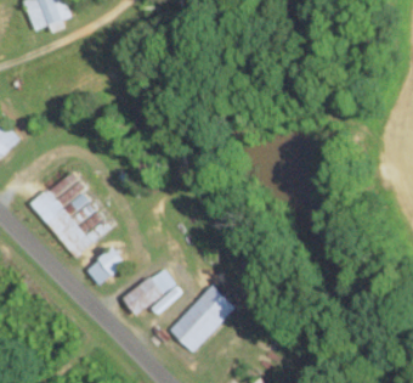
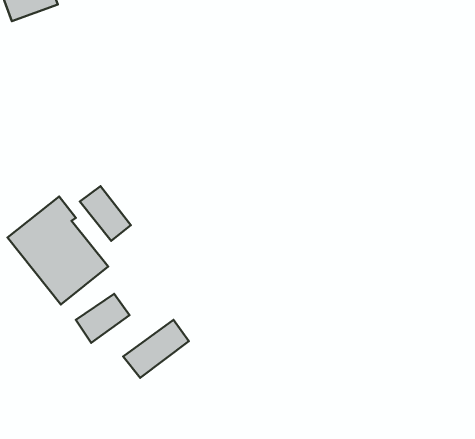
building: none -> [80,186,131,241]
building: [169,285,236,353] -> none

